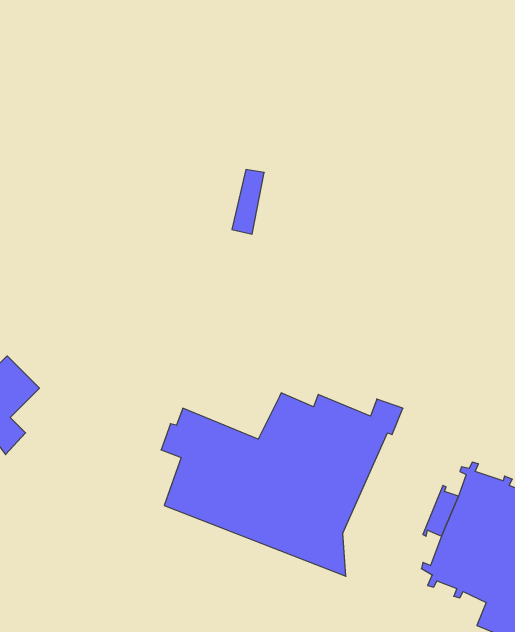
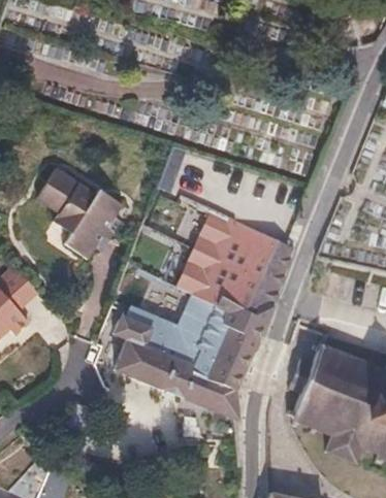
building: none -> [33,170,119,258]
building: none -> [176,218,296,310]

